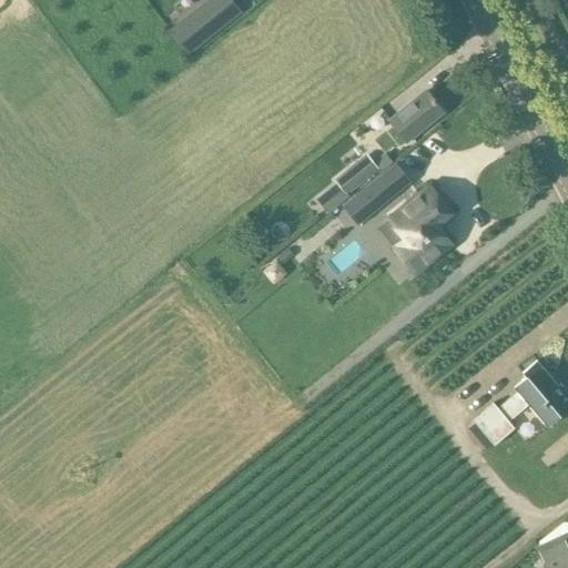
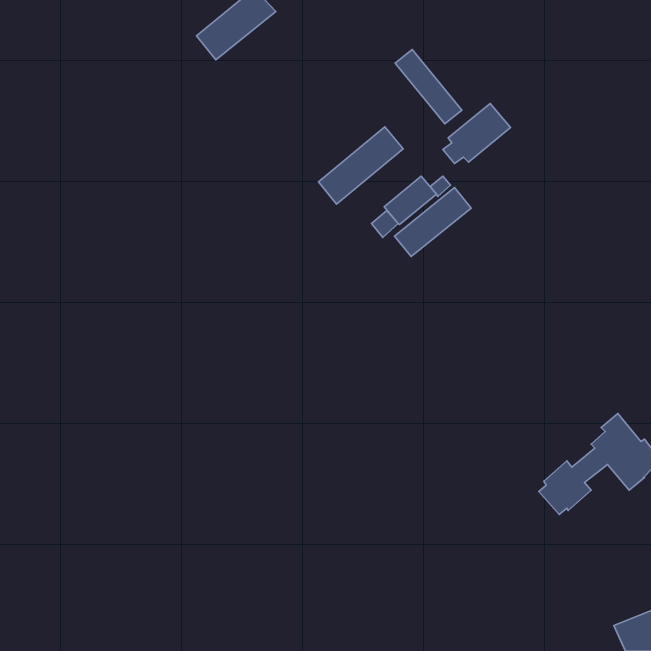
building: none -> [395,49,462,124]
building: none -> [318,127,403,204]
building: [389,185,453,273] -> none

